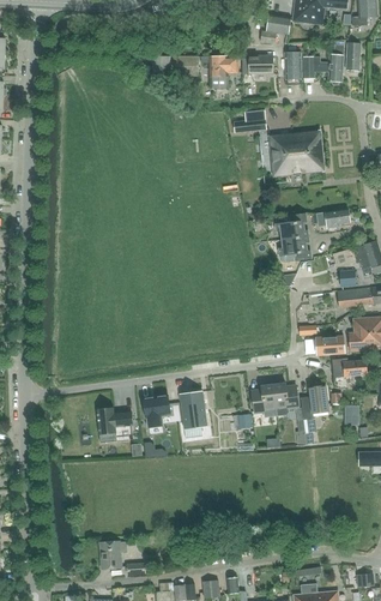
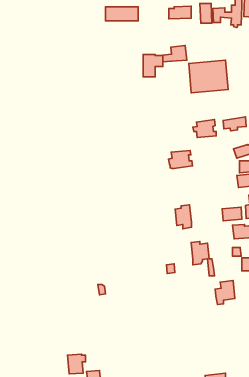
building: [211,55,238,86] -> [143,55,163,77]
building: [278,235,312,260] -> [169,151,193,169]
building: [253,384,276,417] -> [175,205,191,229]
building: [301,385,328,419] -> [215,281,235,305]
building: [180,390,207,438] -> none
building: [143,395,170,427] -> none
building: [97,409,132,441] -> none

